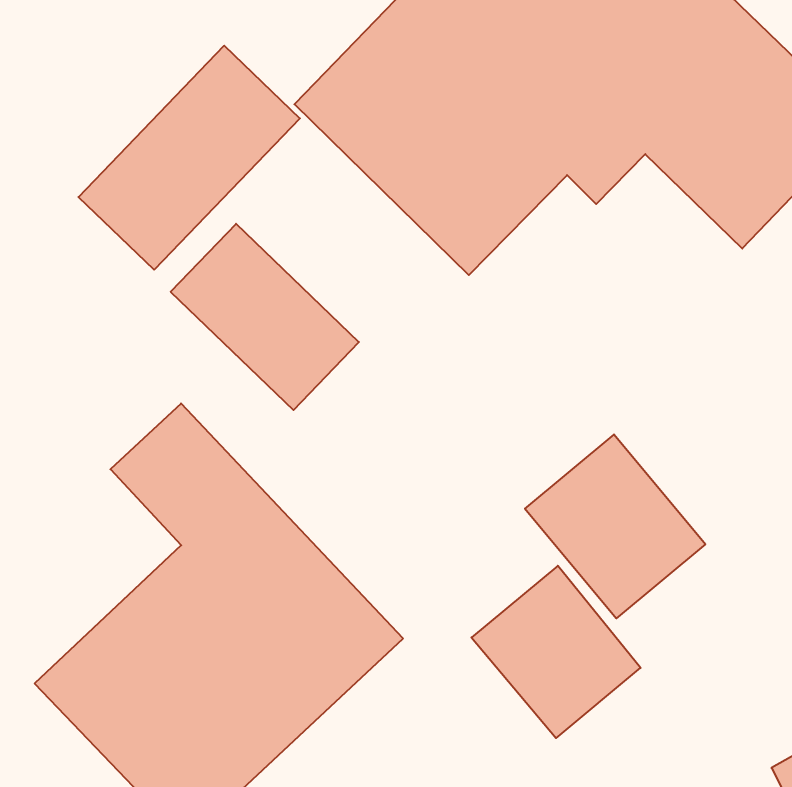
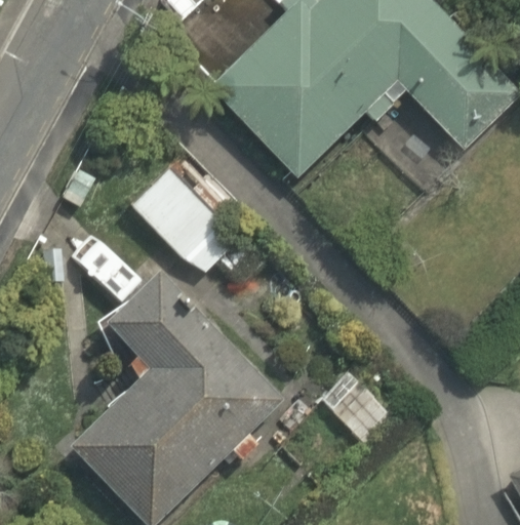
building: [78,46,300,270] -> none
building: [525,434,705,618] -> none

